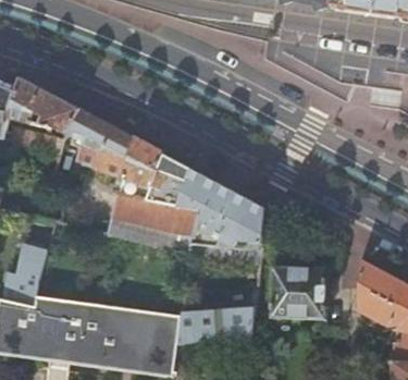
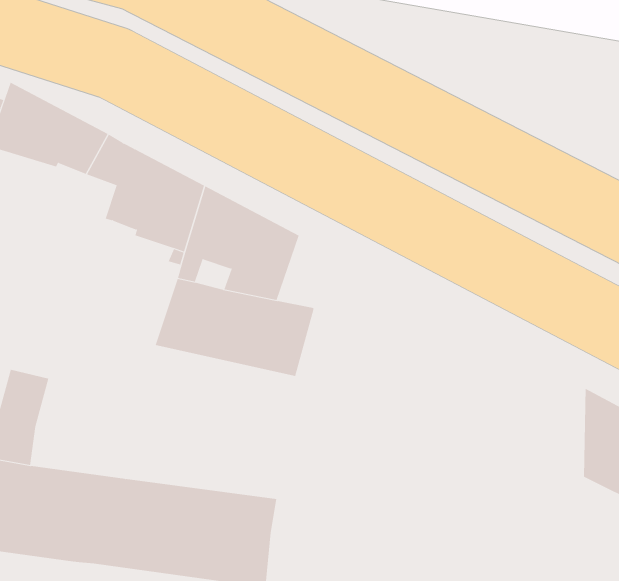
building: [177,167,264,262] -> none
building: [269,265,325,317] -> none
building: [176,306,252,341] -> none

